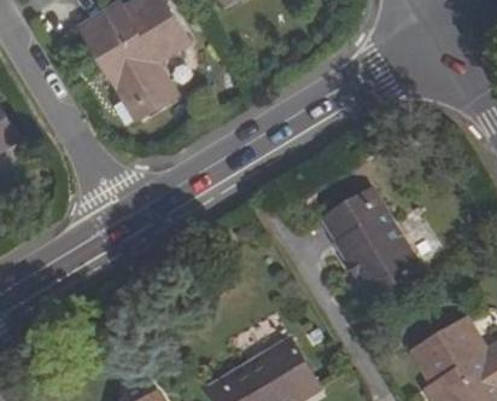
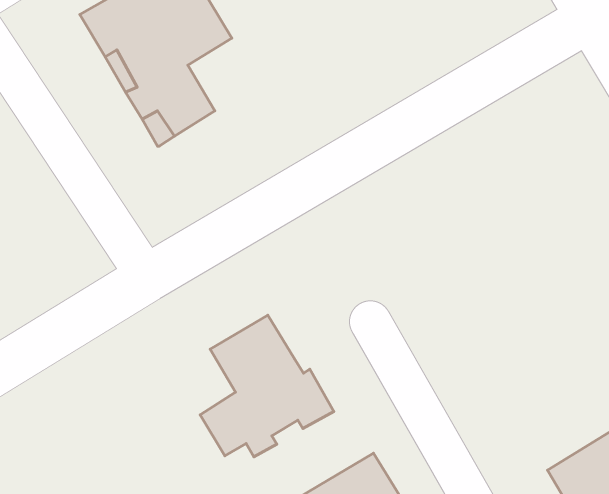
building: [322,188,419,297] -> none
building: none -> [200,315,334,457]

